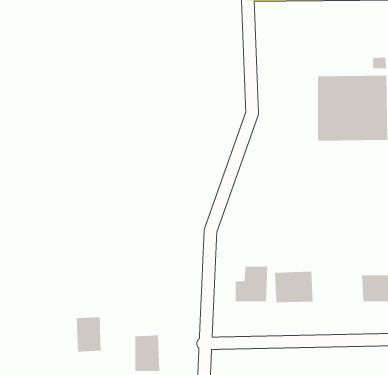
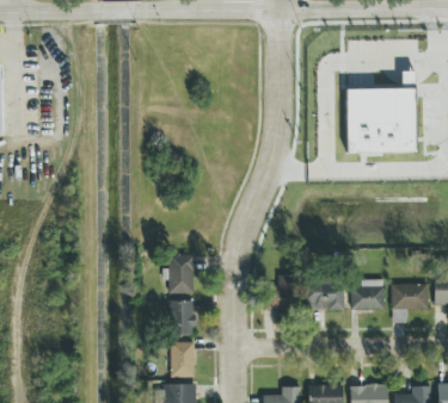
building: none -> [168,254,195,293]
building: none -> [351,279,385,310]
building: [76,317,102,352] -> [170,299,195,334]

